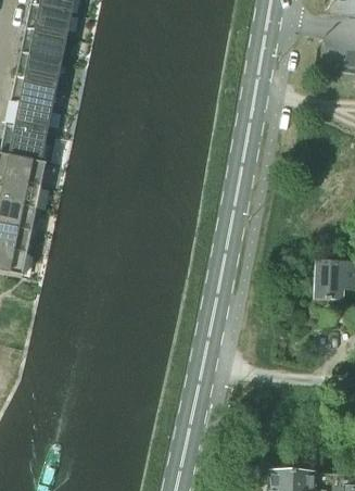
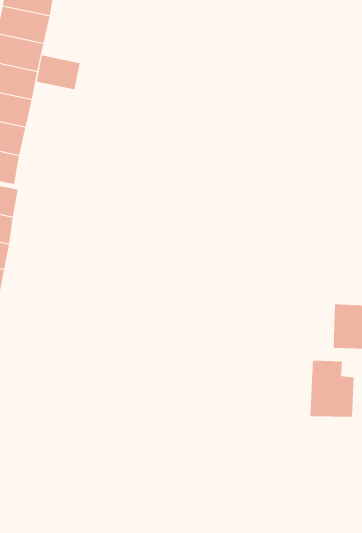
building: none -> [36,55,80,90]
building: none -> [310,360,354,417]

